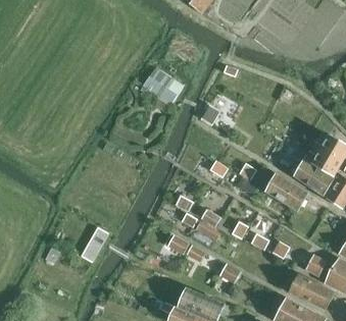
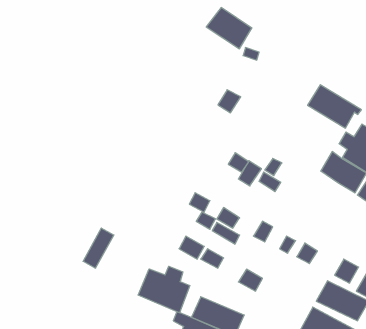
building: [143,67,184,104] -> [206,8,252,49]
building: [264,173,312,212] -> [308,85,361,128]
building: none -> [138,266,190,313]

